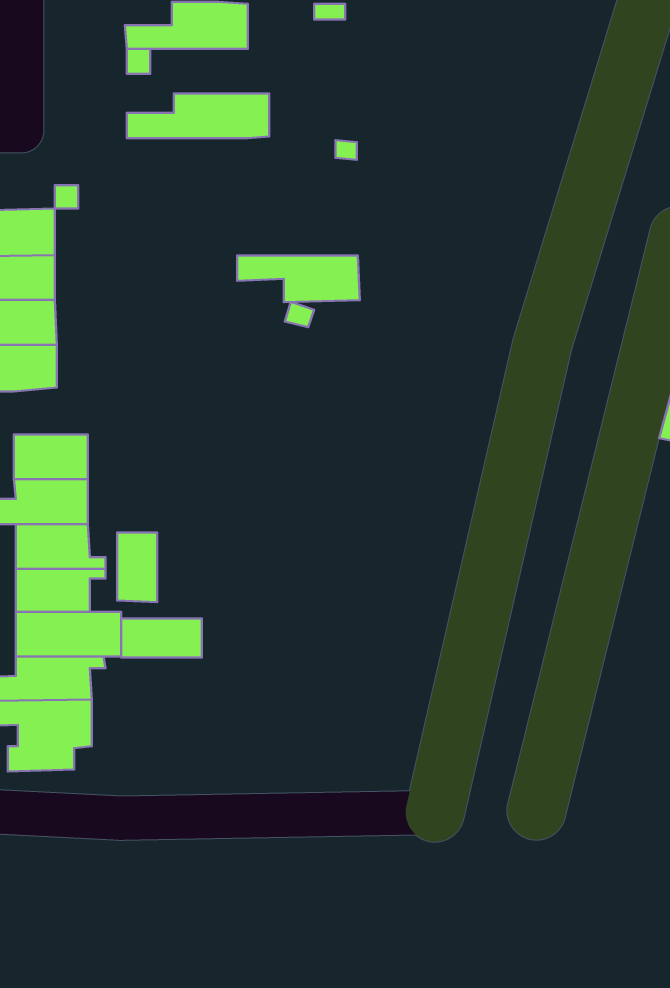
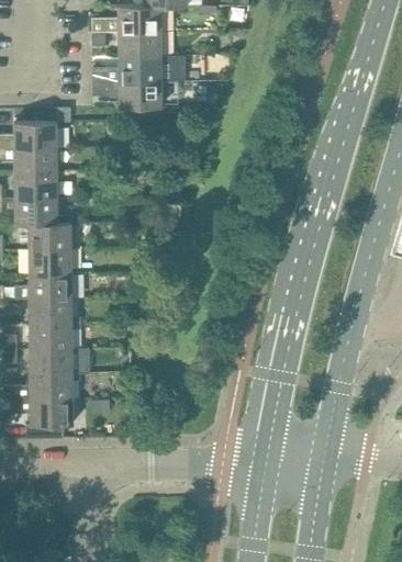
building: none -> [120,31,161,56]
building: [237,255,360,302] -> [93,81,163,108]
building: none -> [30,222,71,248]
building: [117,533,157,602] -> none
building: [121,619,202,658] -> none

